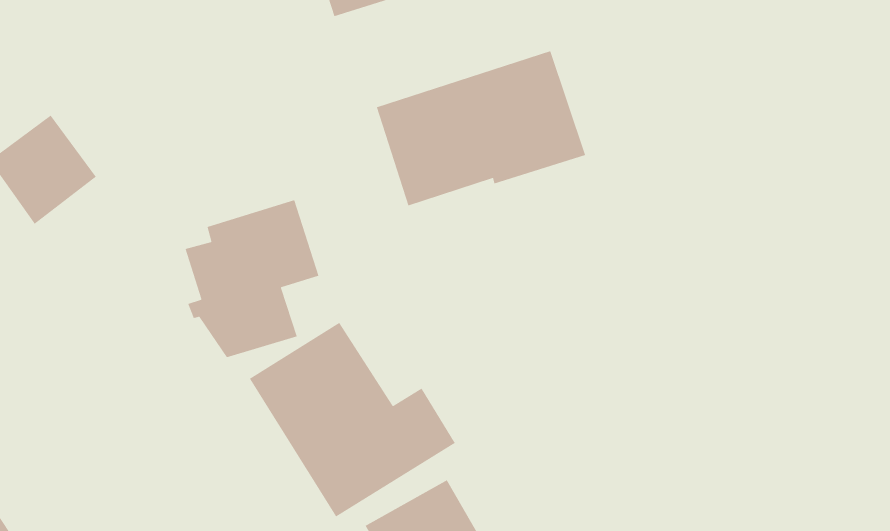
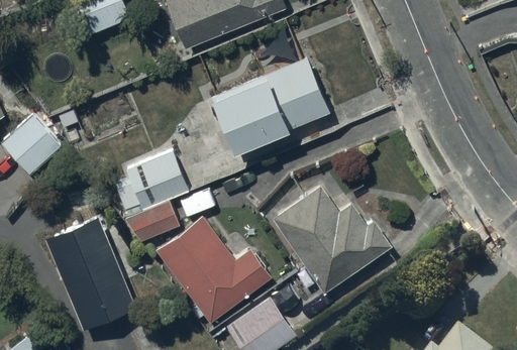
building: none -> [271,185,392,295]
building: none -> [44,215,137,329]

